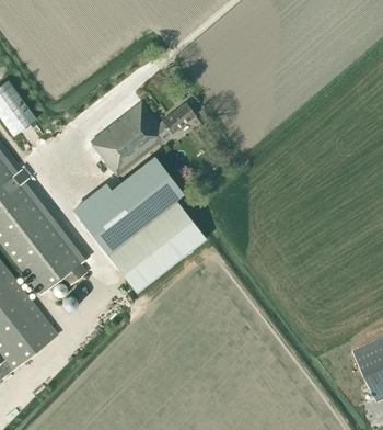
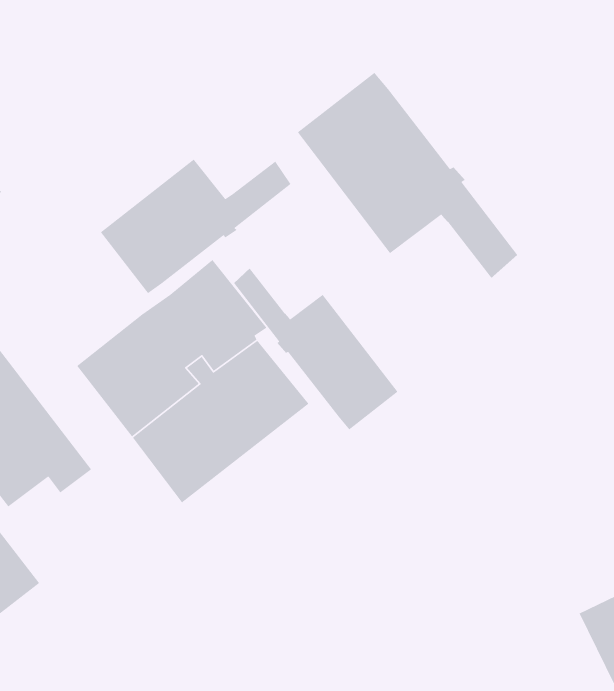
building: none -> [297,72,518,279]
building: none -> [233,268,399,430]

